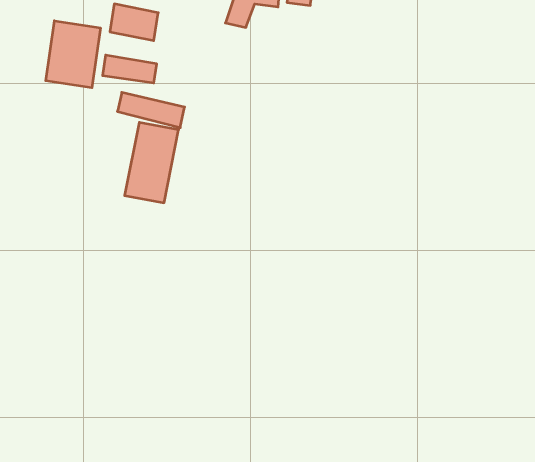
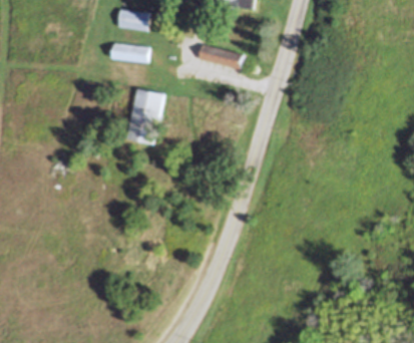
building: [46,21,100,88] -> none
building: [117,92,185,128] -> [198,43,245,67]

